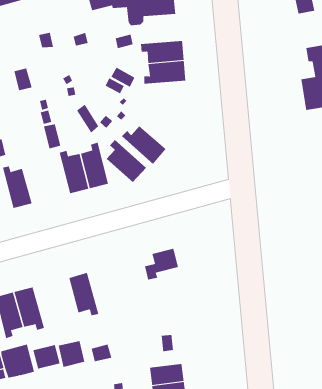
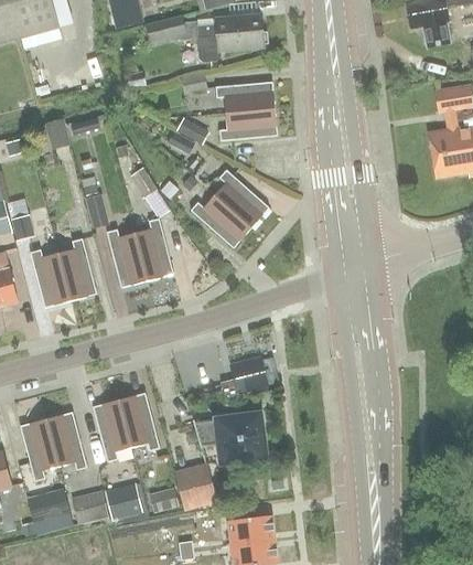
building: [106,139,147,183] -> [214,169,269,227]
building: none -> [57,238,97,300]
building: none -> [93,399,131,461]
building: none -> [192,413,265,462]
building: none -> [174,465,217,510]

